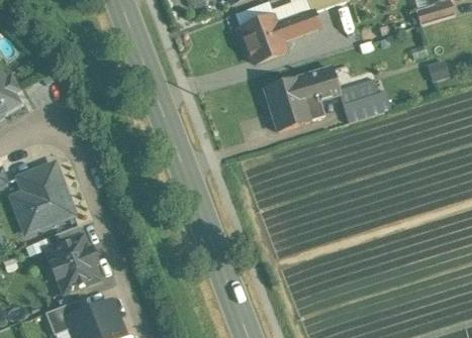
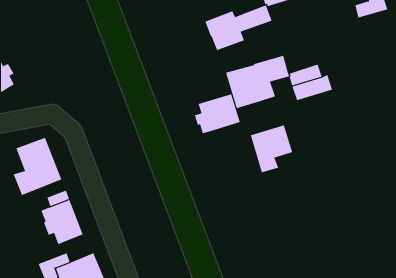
building: none -> [194,93,240,134]
building: none -> [250,125,293,173]

